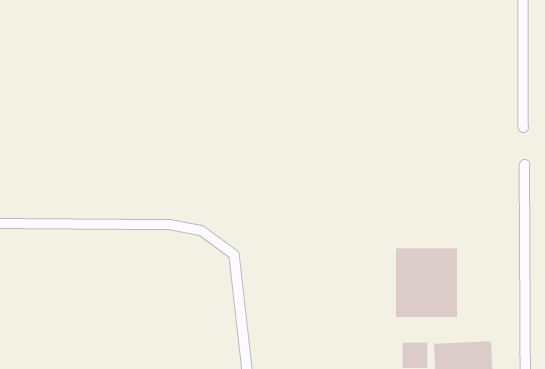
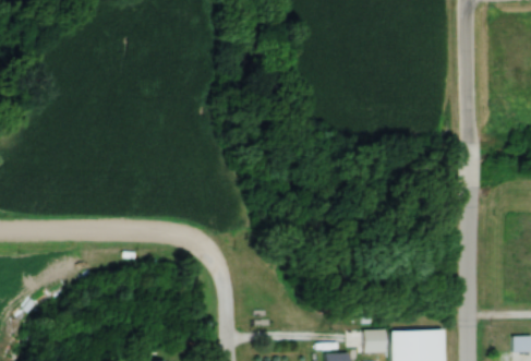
building: [396,248,457,318] -> none

